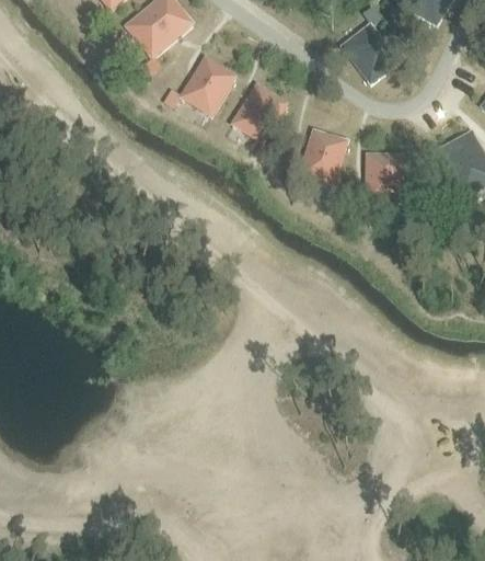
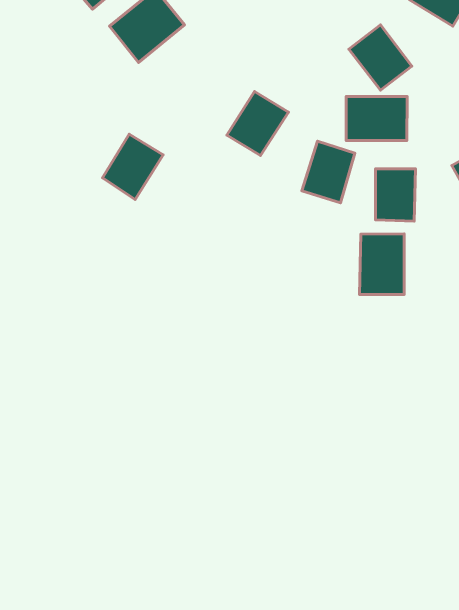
building: [181,56,235,115] -> [103,134,163,200]
building: none -> [346,96,407,141]
building: none -> [359,234,404,295]

